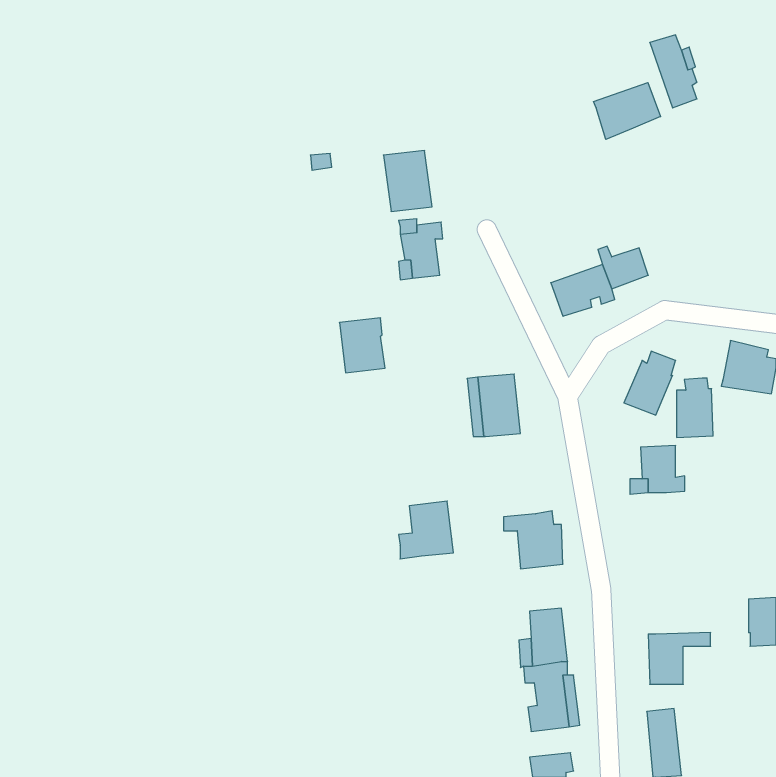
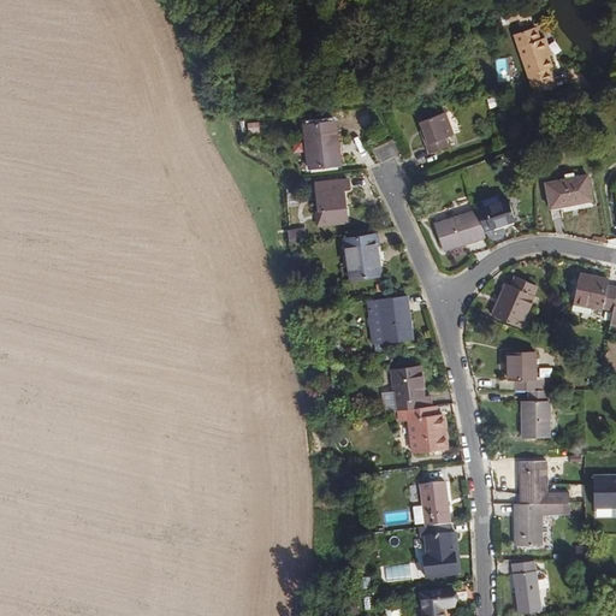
building: [593,83,661,139] -> none
building: none -> [419,111,452,154]
building: none -> [540,173,590,211]
building: [339,318,385,373] -> [345,235,381,278]
building: [677,378,713,437] -> [521,389,550,436]
building: [399,501,453,559] -> [380,366,424,411]
building: none -> [519,461,567,502]

